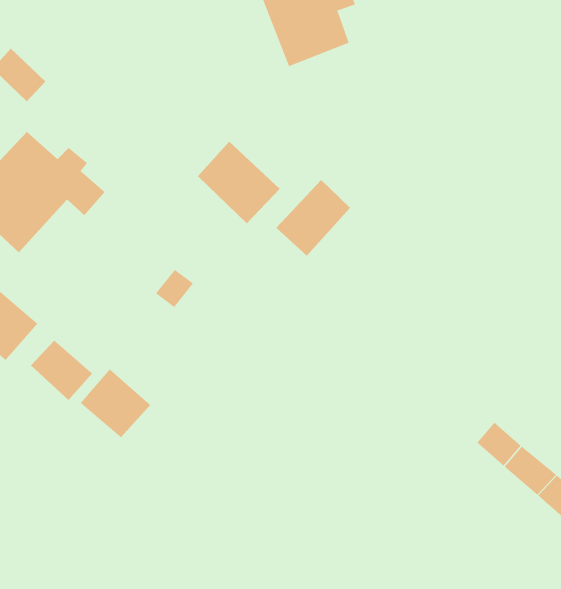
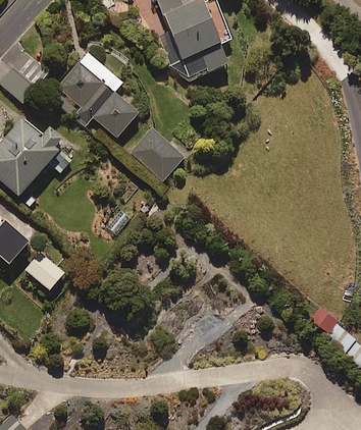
building: none -> [53,51,136,138]
building: [276,179,351,256] -> none
building: [80,369,151,438] -> none

